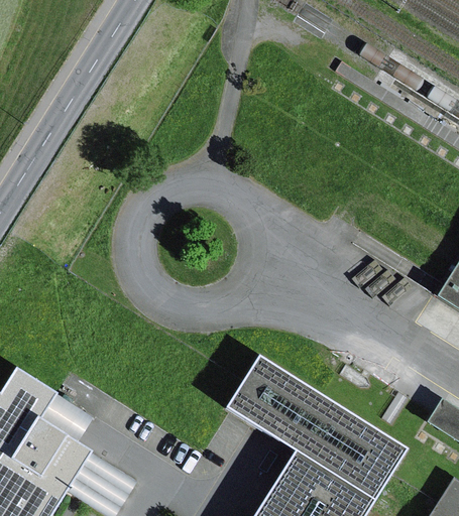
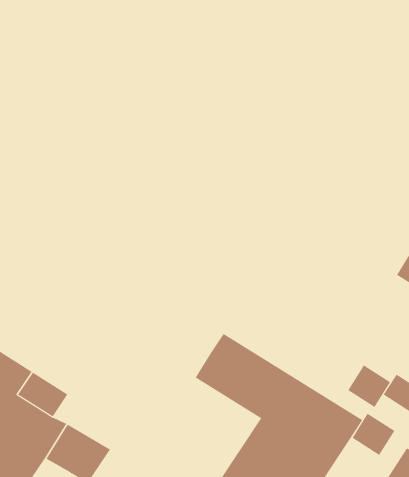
building: none -> [348,365,391,408]
building: none -> [352,413,395,456]

